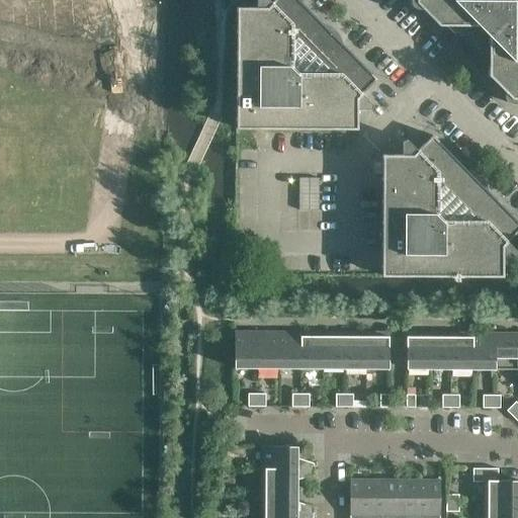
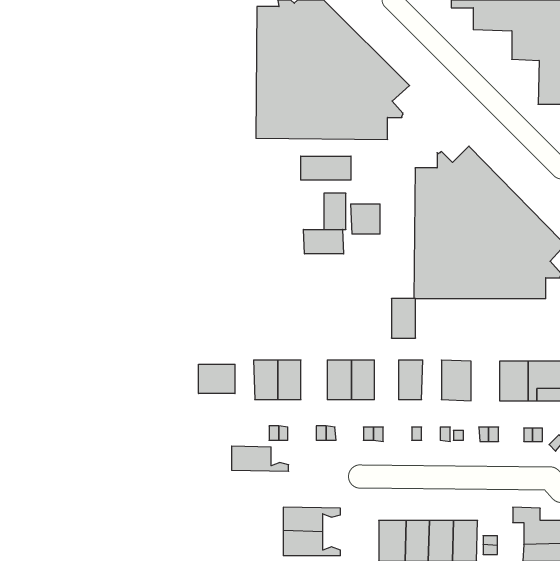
building: none -> [301,156,351,180]
building: none -> [351,204,380,234]
building: none -> [303,229,344,254]
building: [278,332,303,368] -> none
building: [346,332,368,368] -> [391,299,416,338]
building: [435,333,461,369] -> none
building: none -> [199,364,235,394]
building: [262,445,315,468] -> [232,446,289,471]

